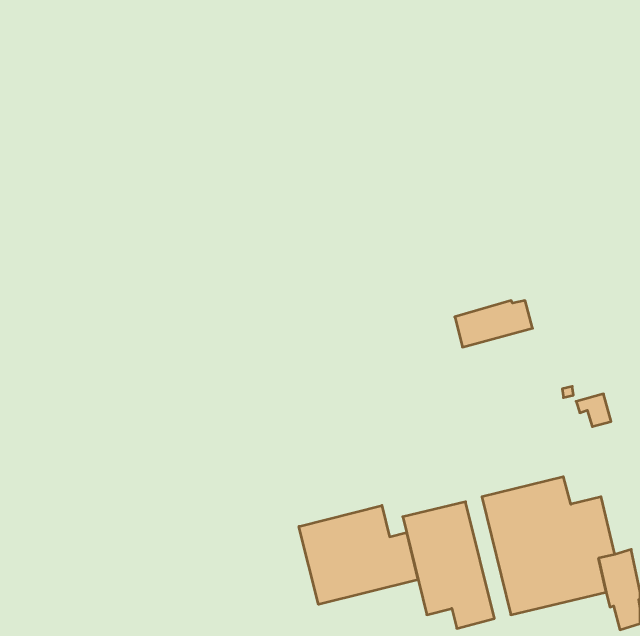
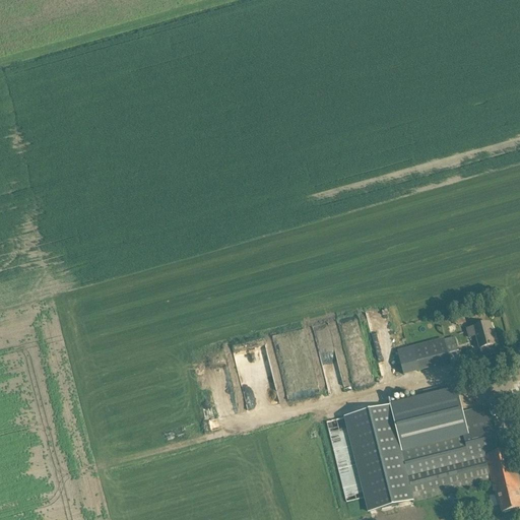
building: [455,301,533,347] -> [397,334,460,372]
building: [299,505,418,604] -> none

